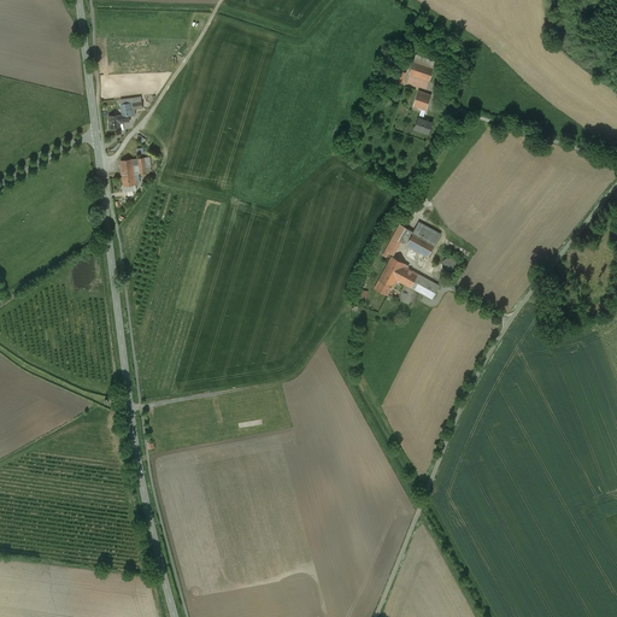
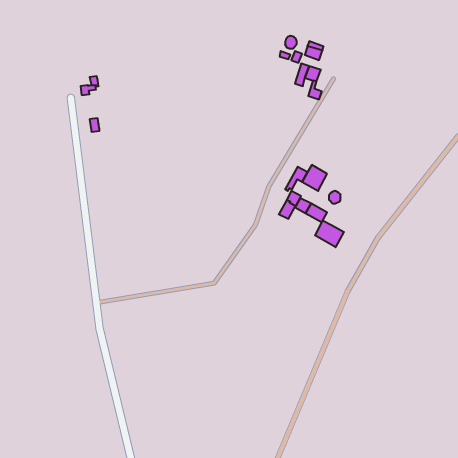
building: none -> [315,221,344,247]

